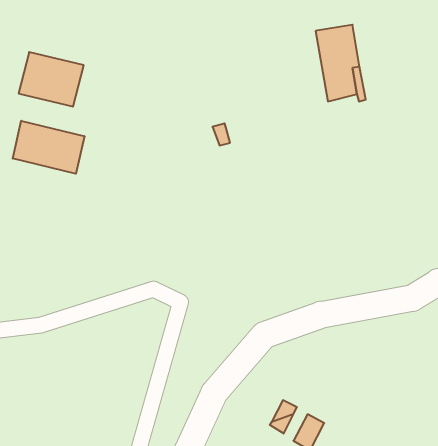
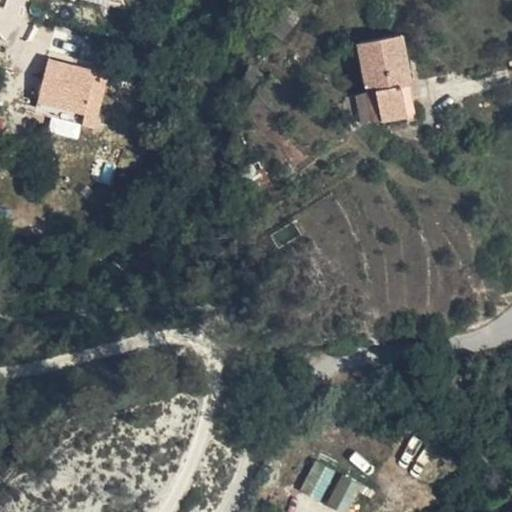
building: [13,121,84,174] -> none

